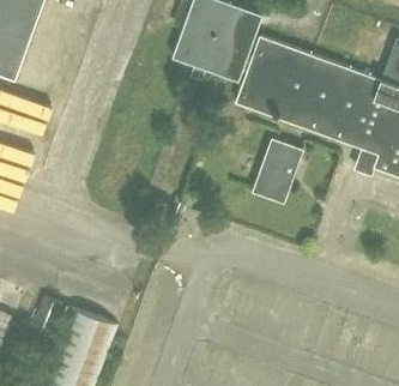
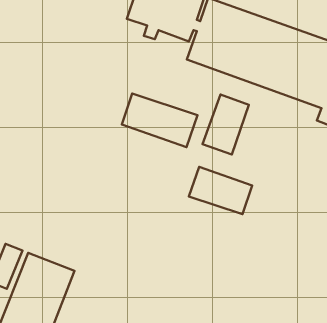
building: none -> [122,94,197,147]
building: none -> [189,167,252,214]

